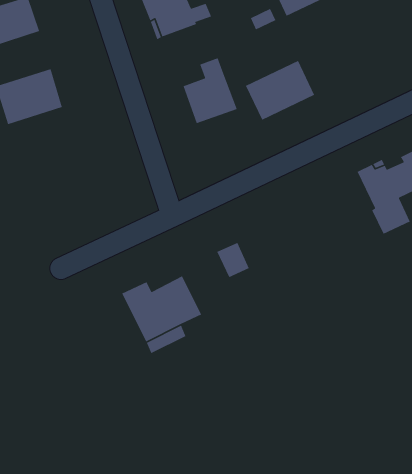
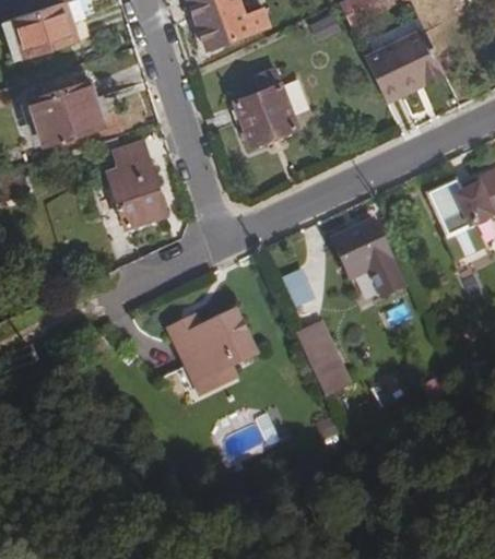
building: [245,60,315,121] -> [366,28,444,96]
building: none -> [108,141,166,227]
building: none -> [332,219,405,296]
building: none -> [298,323,351,395]

